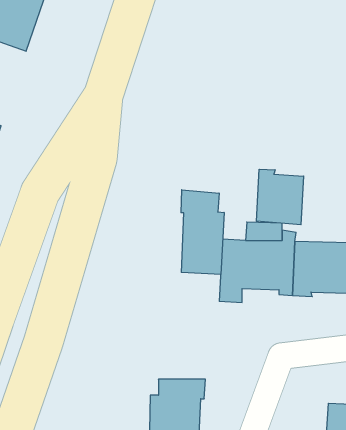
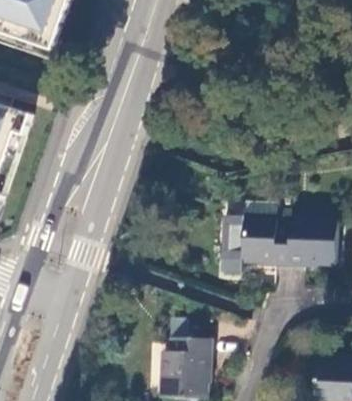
building: [256,169,304,225] -> none
building: [181,190,224,274] -> none

